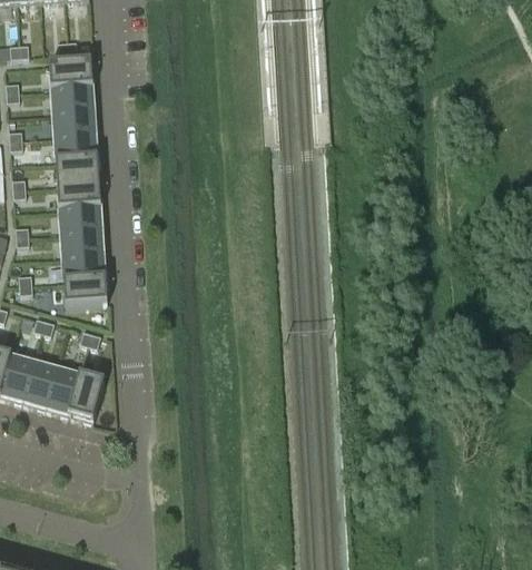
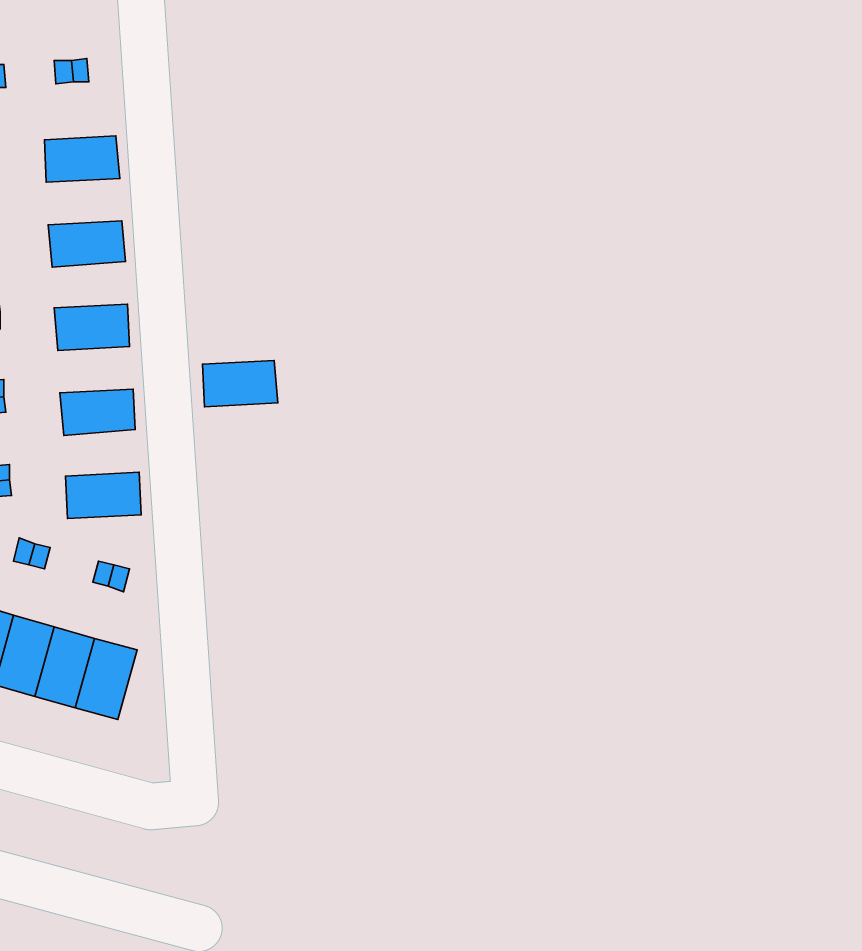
building: [49,61,92,88] -> none
building: [52,110,96,137] -> none
building: [56,158,99,185] -> none
building: [59,207,102,234] -> [203,360,278,407]
building: [62,255,106,282] -> none

